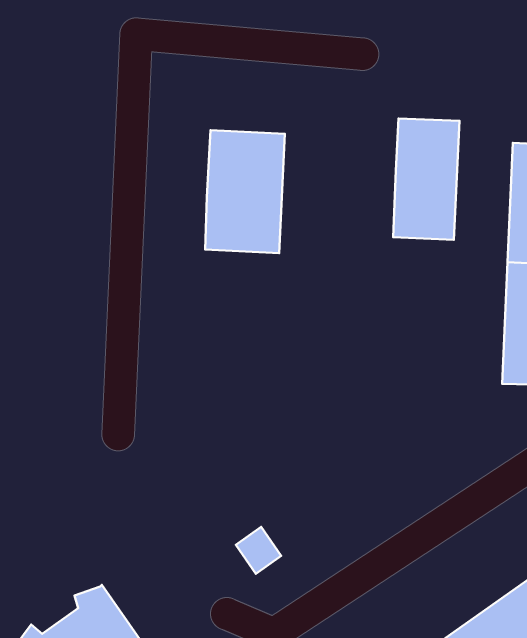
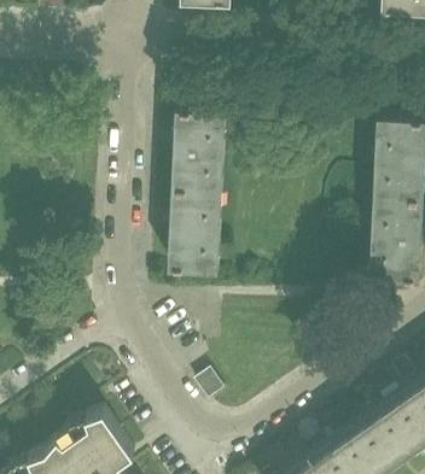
building: [393,118,459,240] -> none
building: none -> [168,192,221,274]

